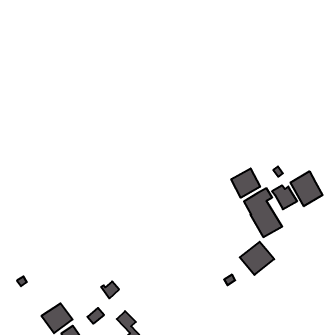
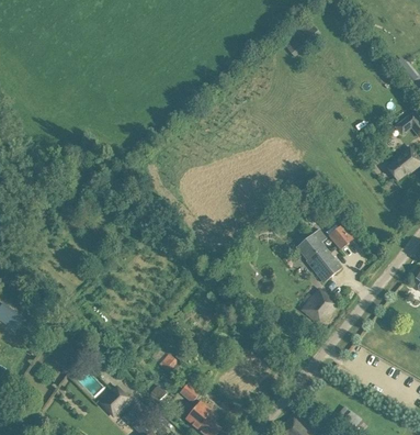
building: [231,168,260,198] -> none
building: [291,171,323,206] -> none

